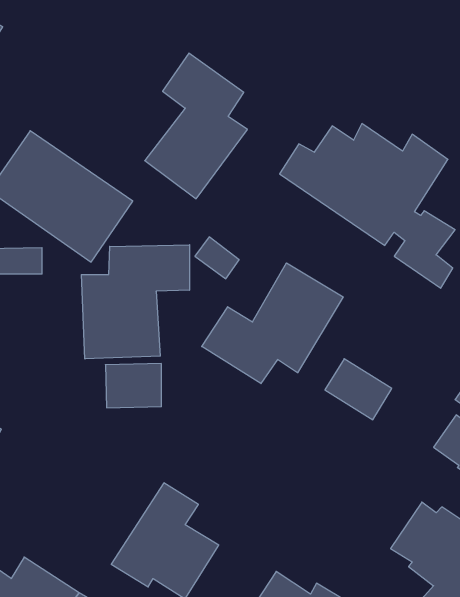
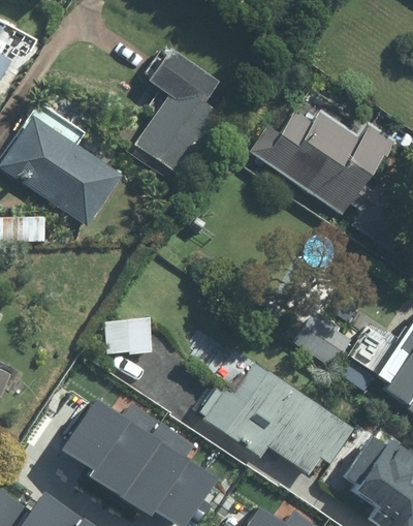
building: [81,245,190,359] -> none
building: [202,263,343,384] -> none
building: none -> [202,361,354,474]
building: none -> [46,389,150,490]

